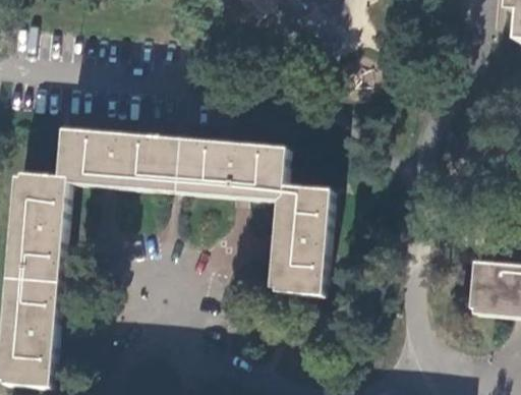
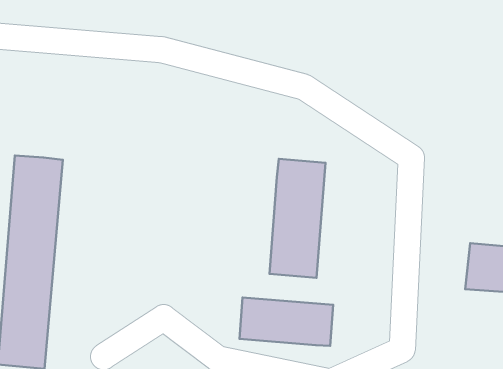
building: [46,129,283,195] -> none
building: none -> [240,298,333,346]

